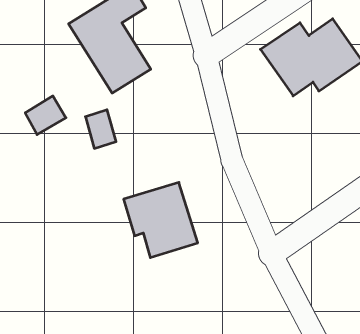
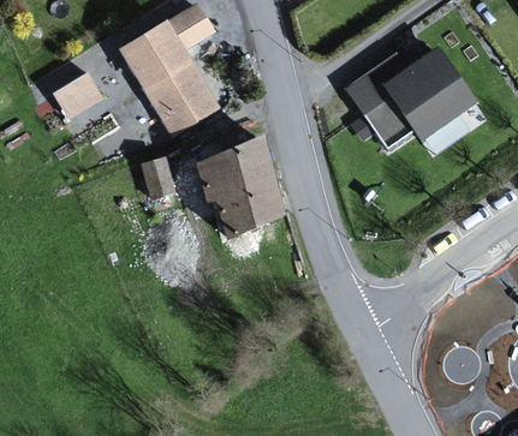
building: [25,96,66,135] -> [52,76,101,123]
building: [124,182,198,258] -> [191,144,281,235]

